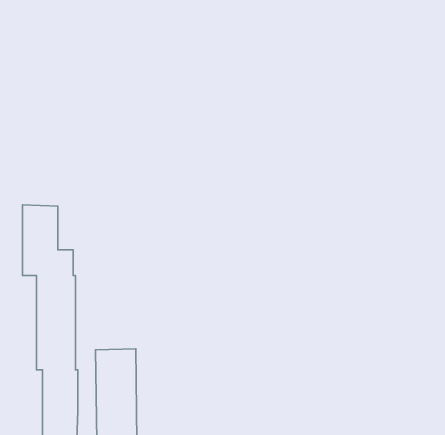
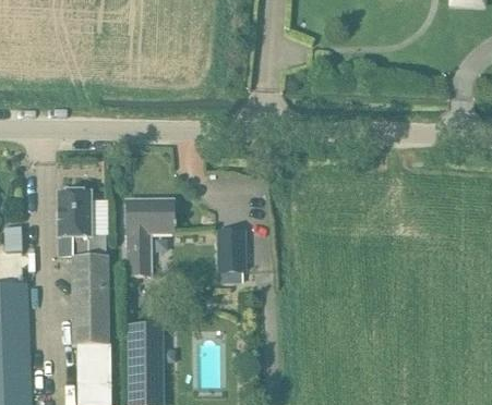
building: none -> [124,198,173,274]
building: none -> [217,228,254,291]

